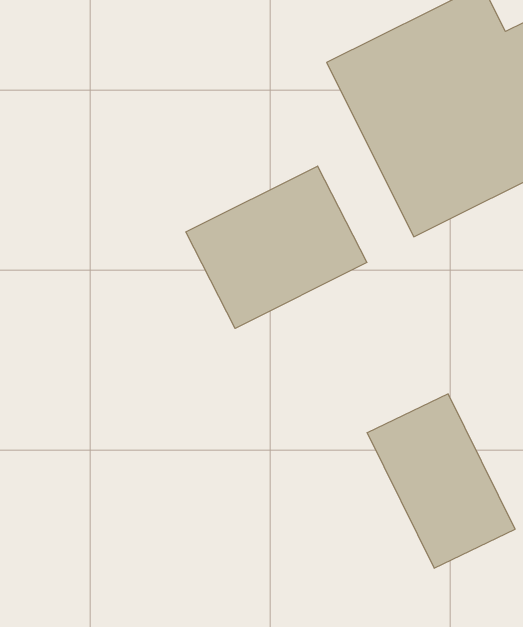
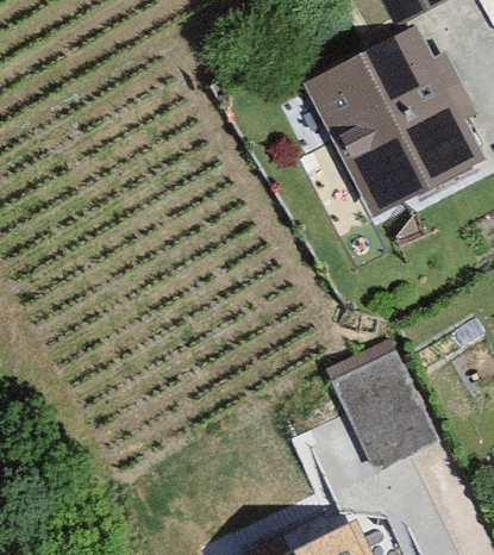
building: [186,166,367,328] -> none

